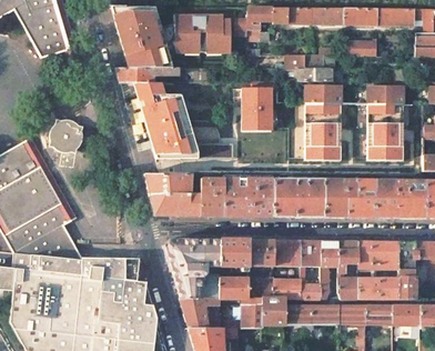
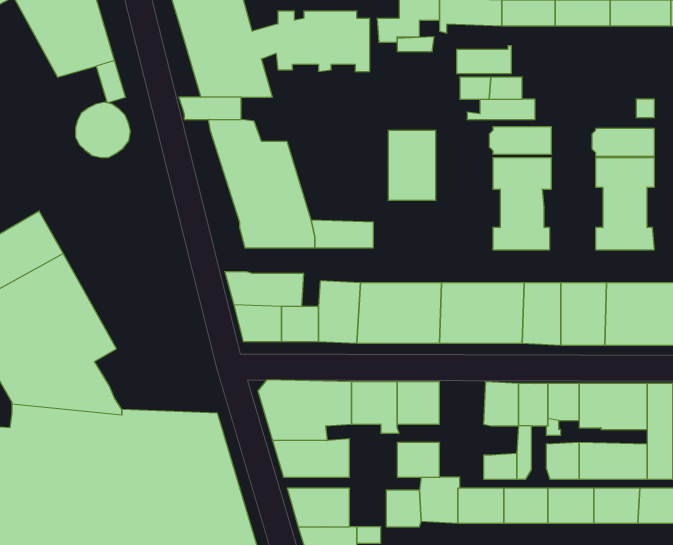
building: [343,39,376,56] -> [456,46,511,73]
building: [50,119,83,152] -> [76,102,131,157]
building: [273,240,301,265] -> none
building: [219,277,247,298] -> none
building: [273,279,300,299] -> none

